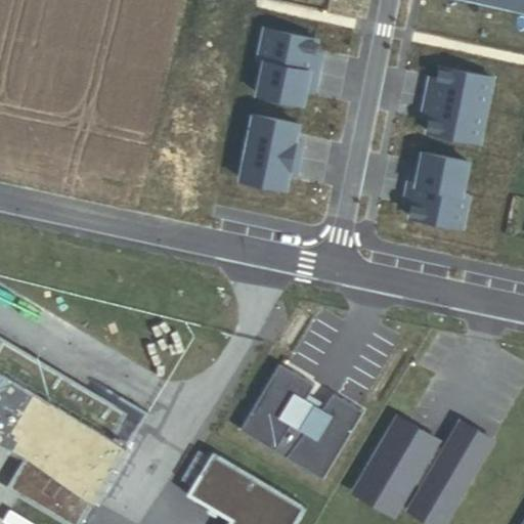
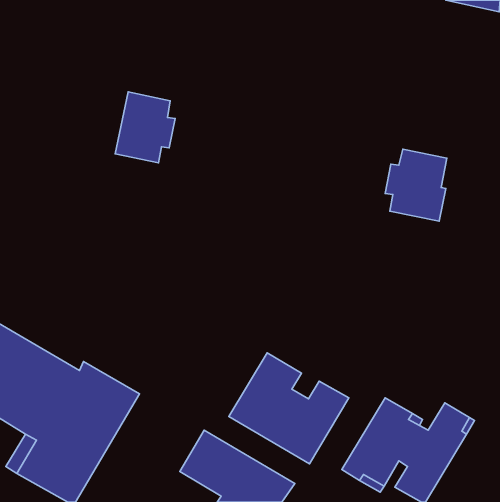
building: [253,32,316,106] -> none
building: [419,70,488,144] -> none
building: [236,118,299,191] -> [115,92,175,163]

